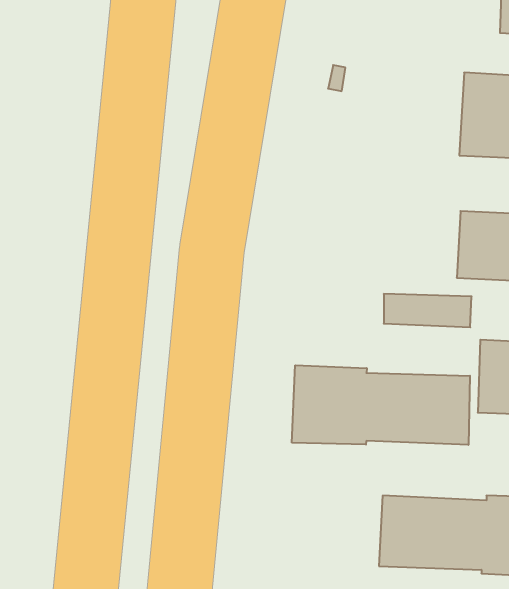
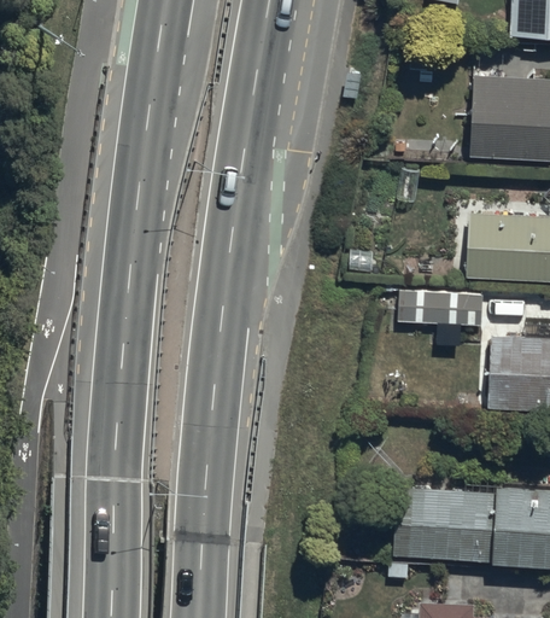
building: [292,365,470,445] -> none

